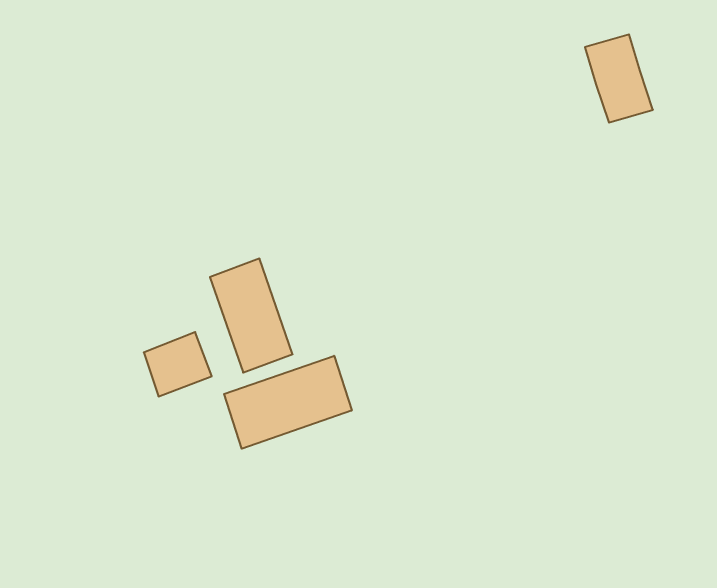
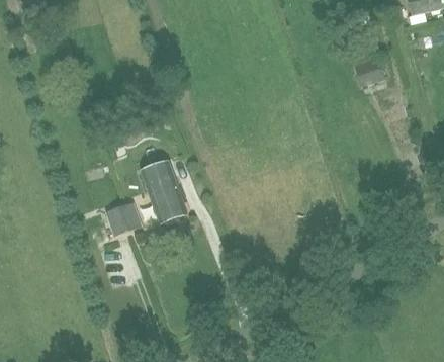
building: [224,356,352,449] -> none

